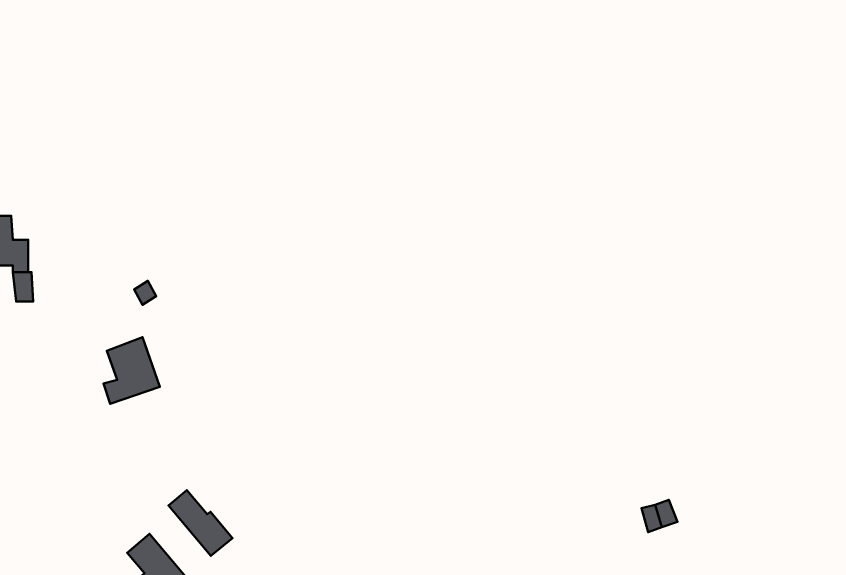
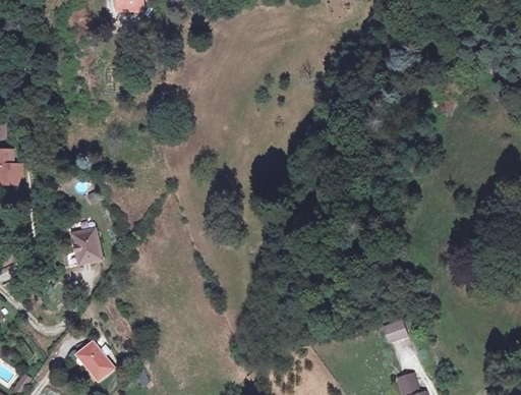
building: [168,490,233,556] -> none

